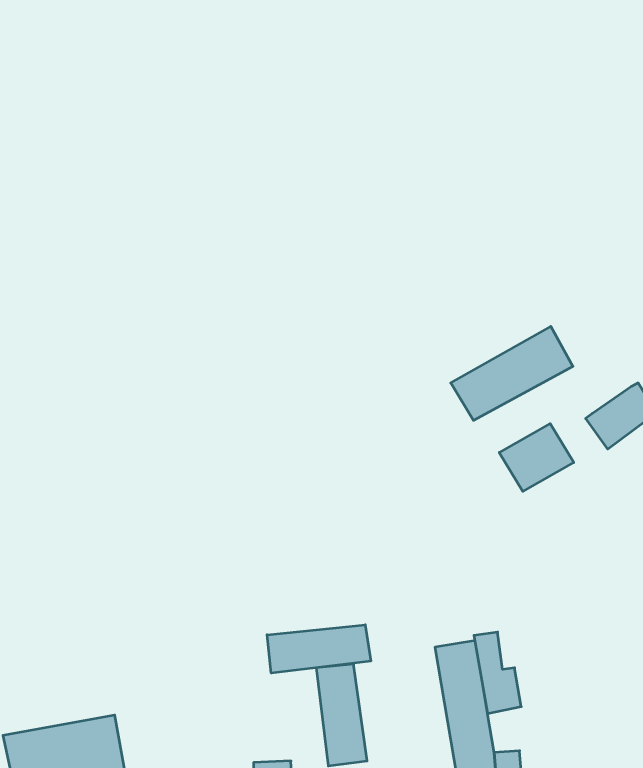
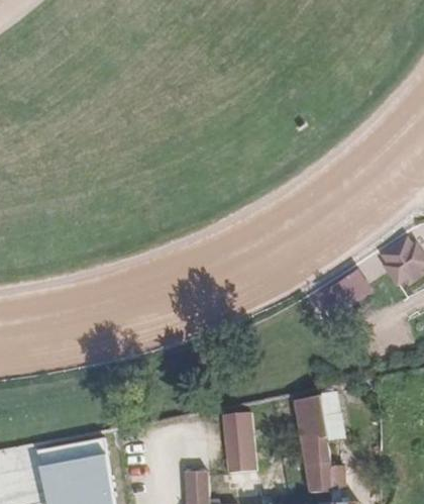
building: [451,326,573,420] -> none
building: [267,625,371,673] -> none

